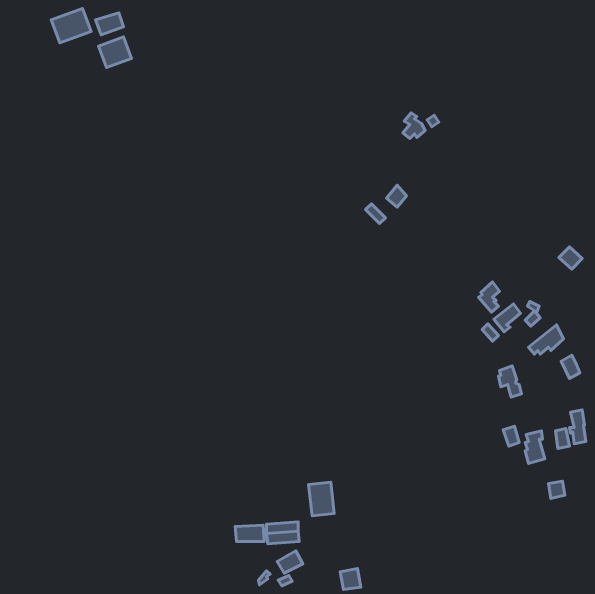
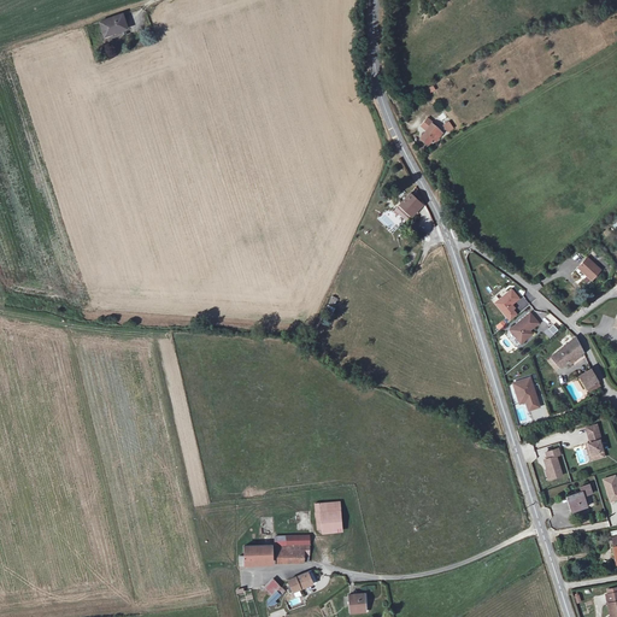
building: [51,8,91,43] -> none
building: [99,37,131,67] -> none

